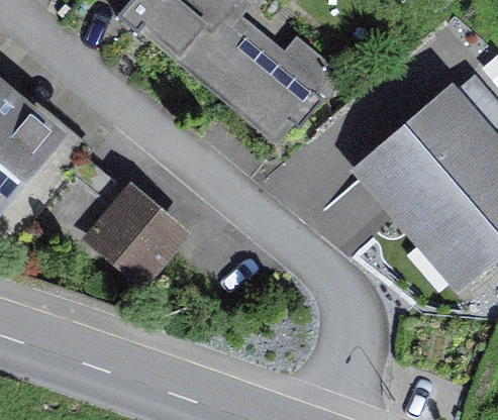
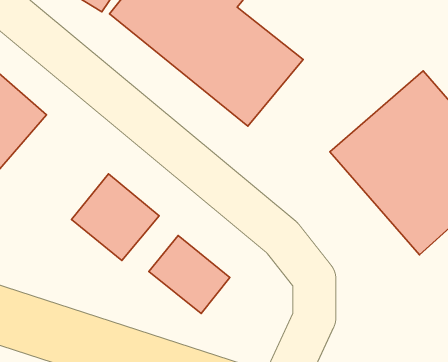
building: none -> [149,236,230,314]

